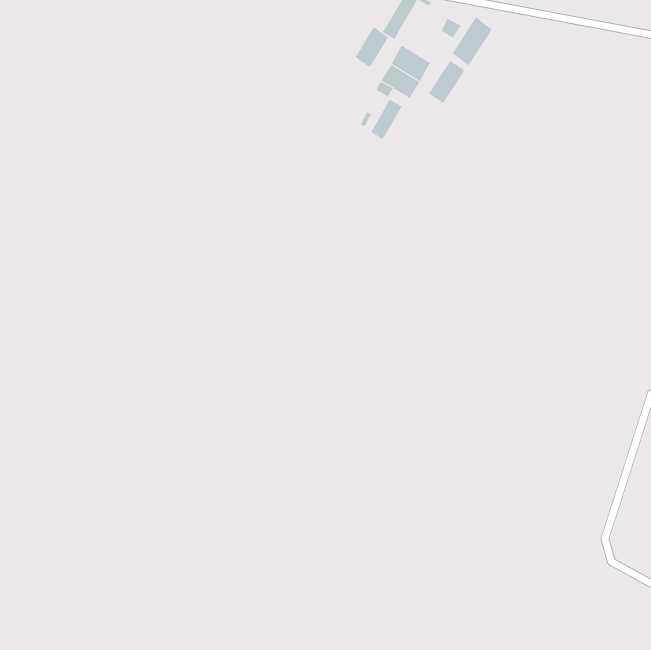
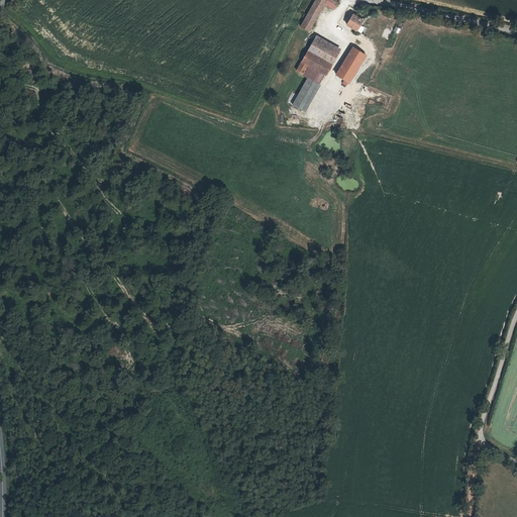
building: [452,17,492,66] -> none
building: [355,26,389,68] -> none

